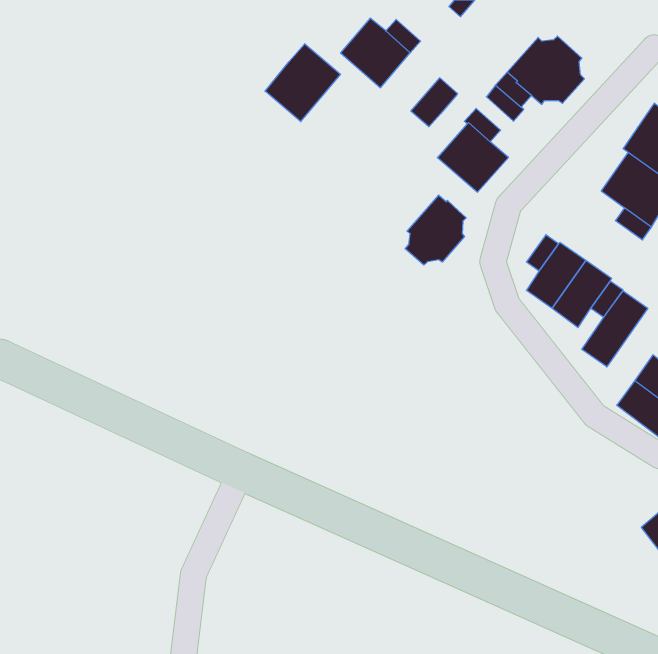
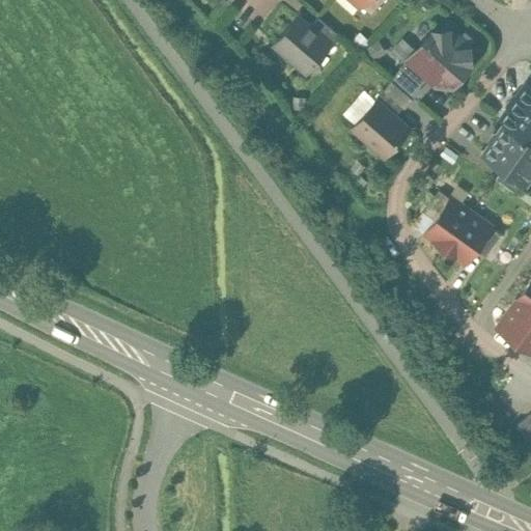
building: [265,44,340,122] -> none
building: [411,78,458,127] -> none
building: [405,195,466,265] -> none
building: [582,291,648,367] -> none

